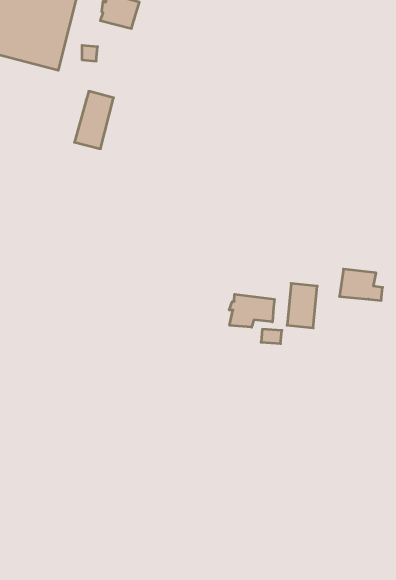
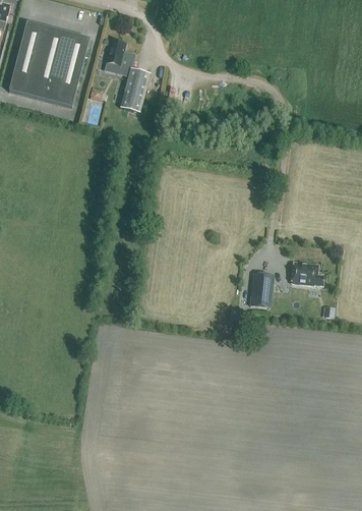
building: [74,91,114,149] -> [119,67,149,112]
building: [229,294,274,327] -> none

